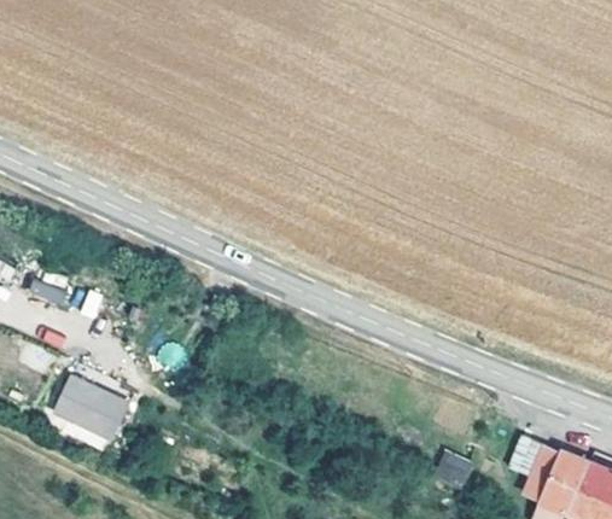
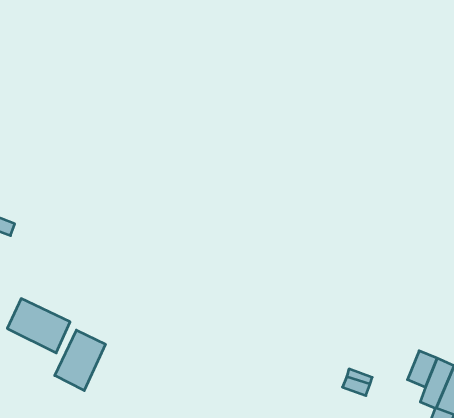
building: none -> [55,330,105,391]

